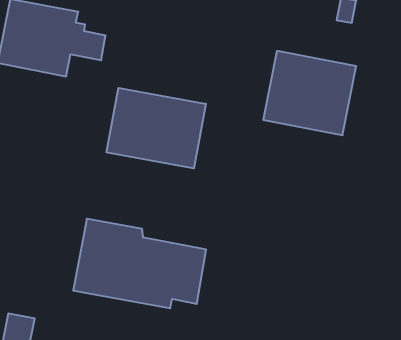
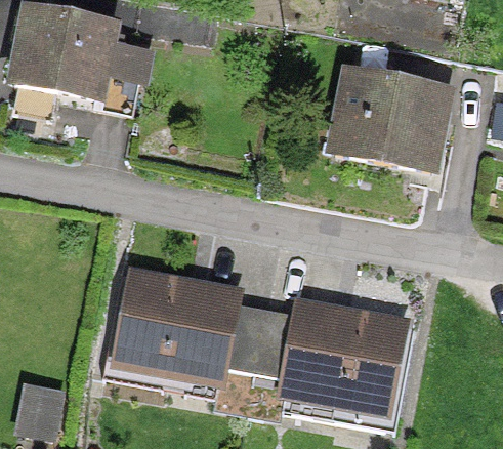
building: [106,88,206,168] -> none
building: none -> [255,308,415,411]

